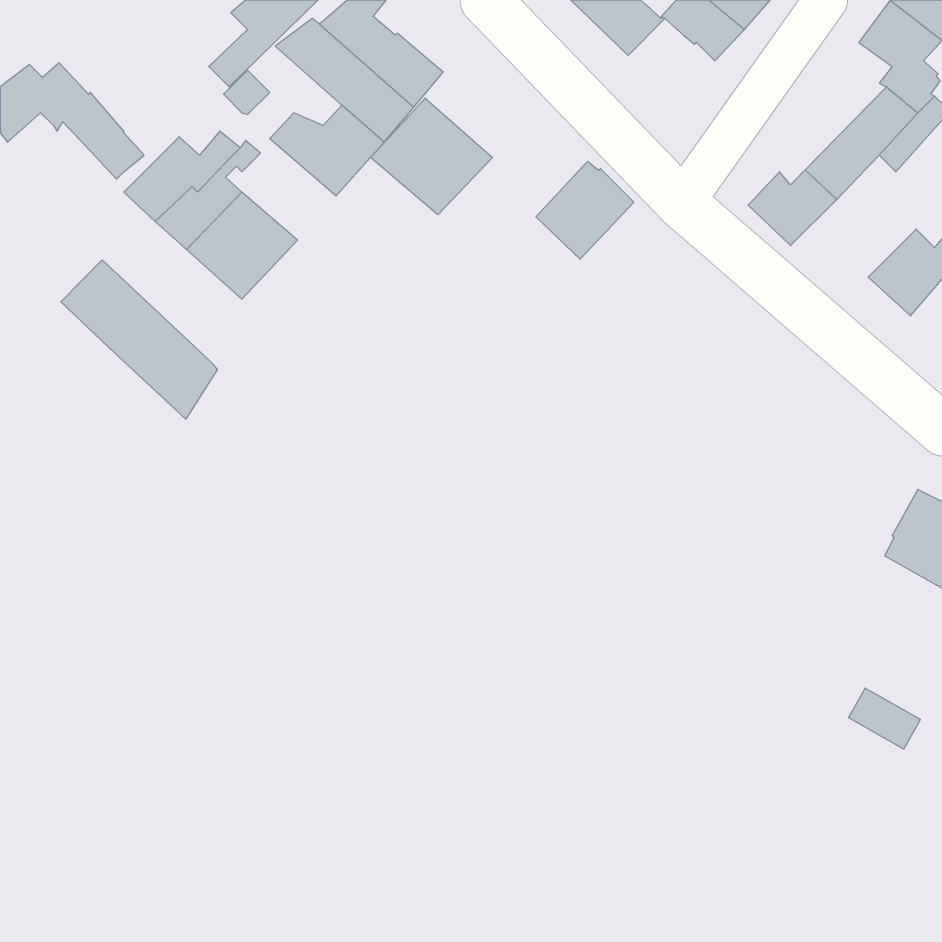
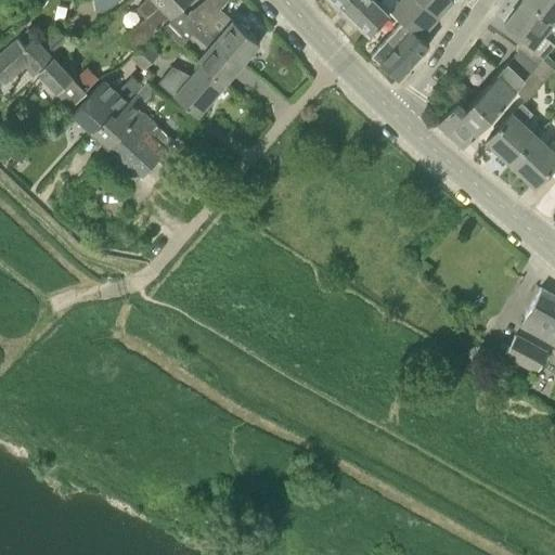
building: [371,98,492,215] -> none
building: [536,161,634,259] -> [372,22,429,79]
building: none -> [487,103,539,164]
building: [61,260,217,419] -> none
building: [848,688,920,749] -> [506,336,548,372]

